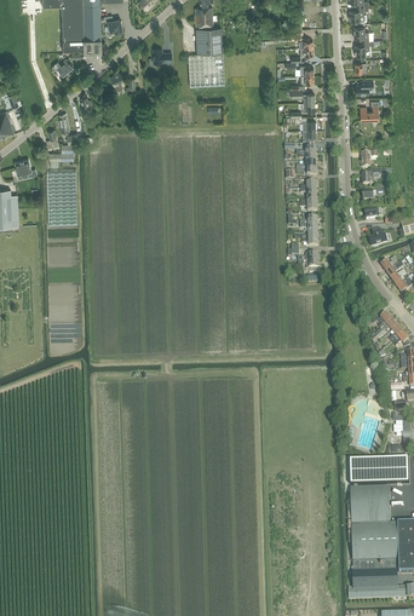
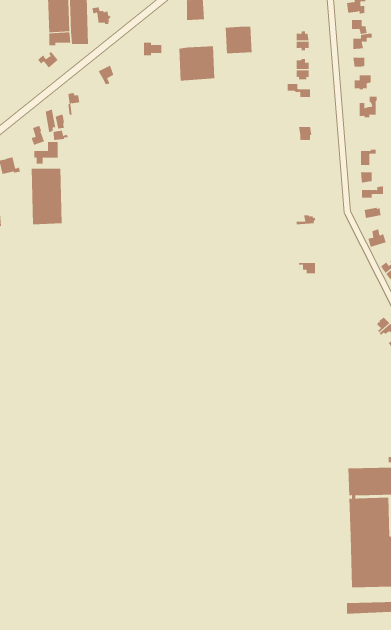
building: [195,24,222,51] -> [225,26,253,54]

